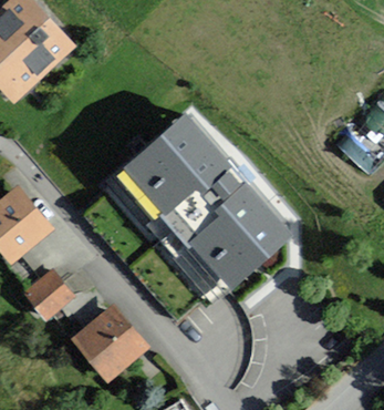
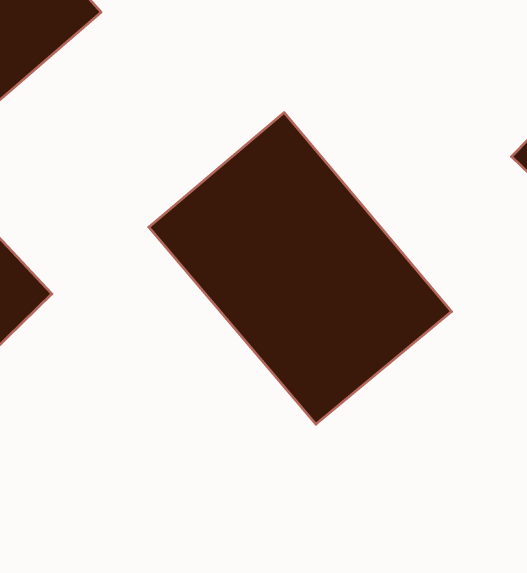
building: [19,270,70,321] -> none
building: [65,305,146,386] -> none

